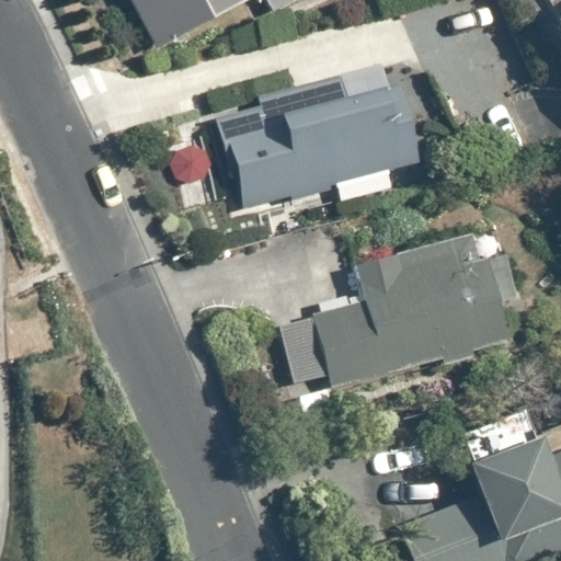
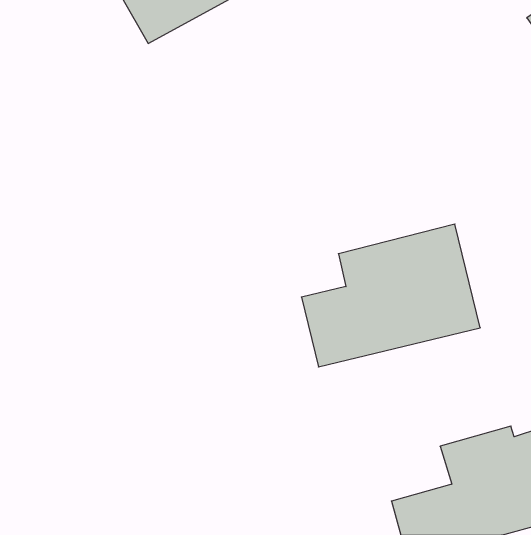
building: [227,77,416,204] -> none

